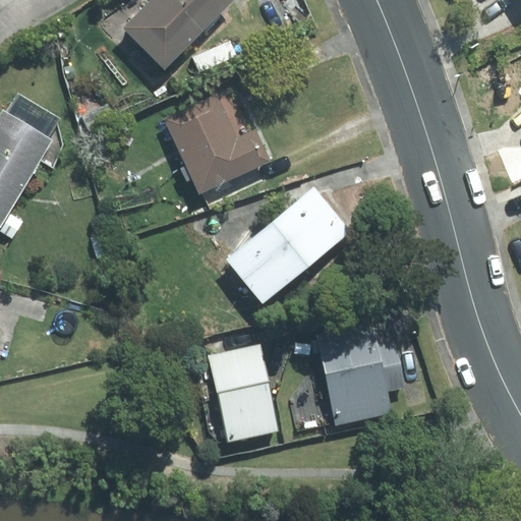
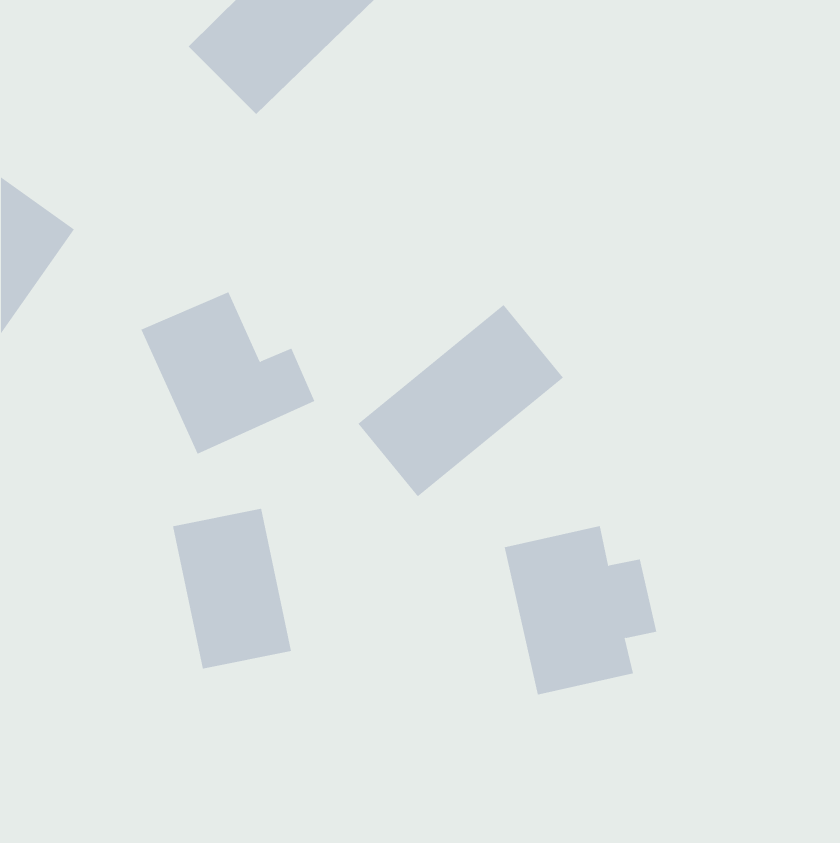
building: [165,94,272,193] -> [141,291,315,454]
building: [208,343,281,442] -> [172,508,292,669]

